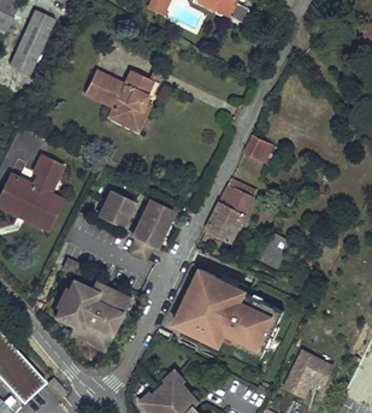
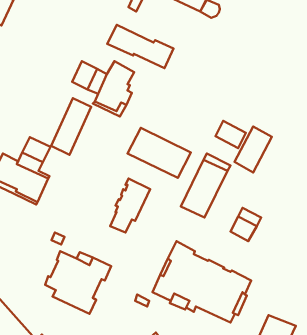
building: [12,10,57,72] -> [51,98,91,155]
building: none -> [107,25,173,68]
building: none -> [235,126,272,172]
building: none -> [128,128,191,178]
building: [98,191,134,226] -> none

